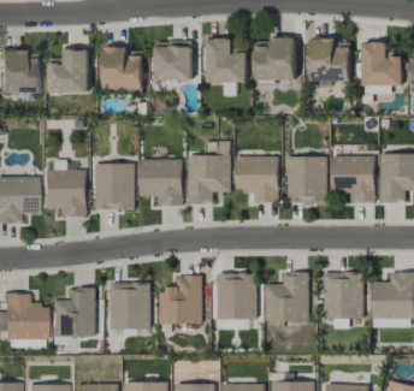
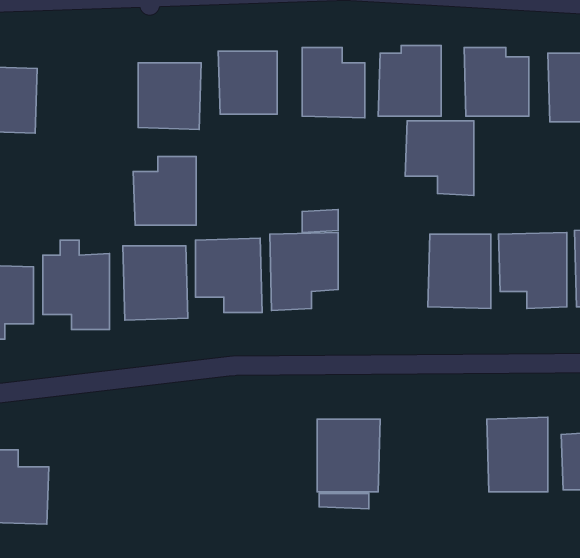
building: [48,49,88,93] -> [133,156,196,225]
building: [235,156,278,203] -> [405,121,474,195]
building: [265,272,308,321] -> none
building: [158,276,202,325] -> none
building: [110,283,150,334] -> none
building: [52,288,95,337] -> none

